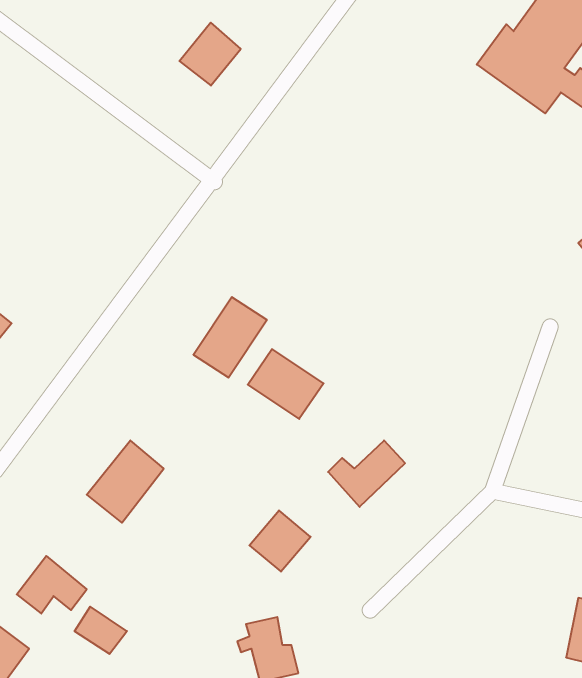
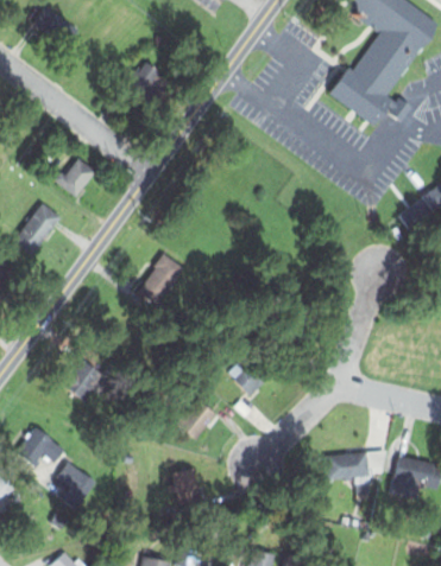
building: none -> [53,158,96,197]
building: none -> [12,204,59,255]
building: [248,349,324,419] -> none
building: none -> [325,449,386,497]

